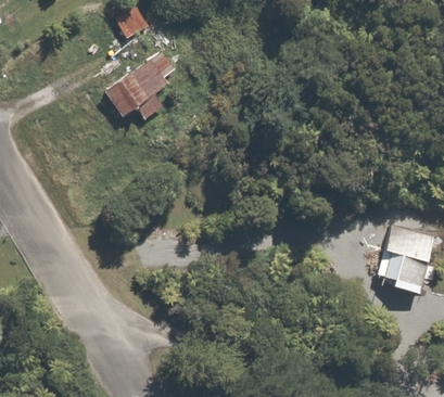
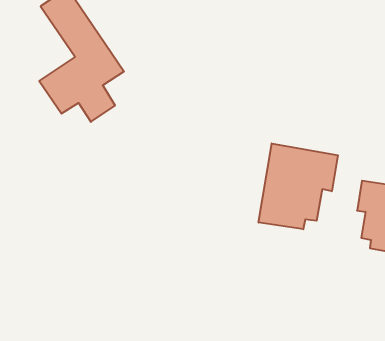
building: none -> [259,143,338,229]

